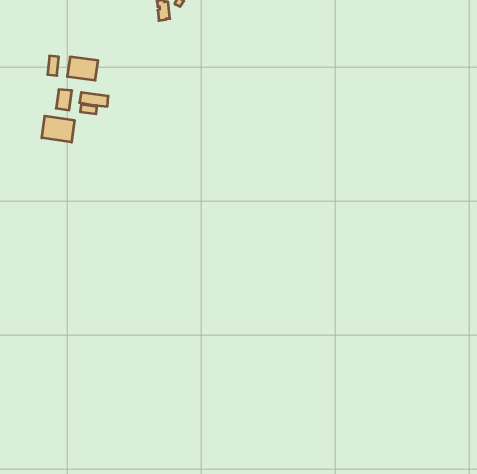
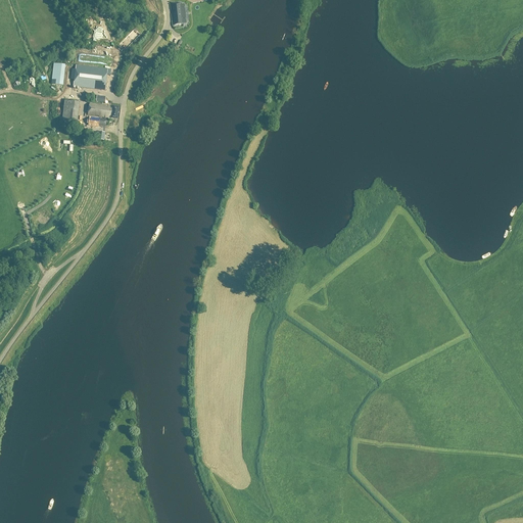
building: [42,116,74,142] -> none

